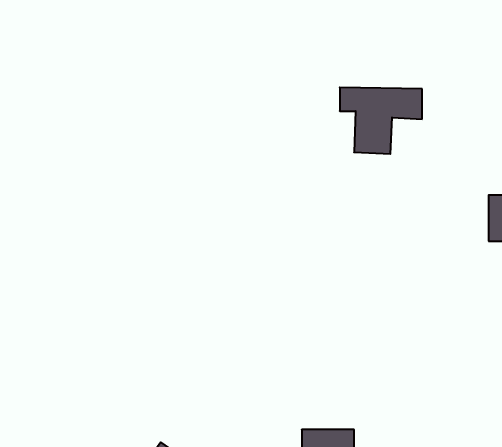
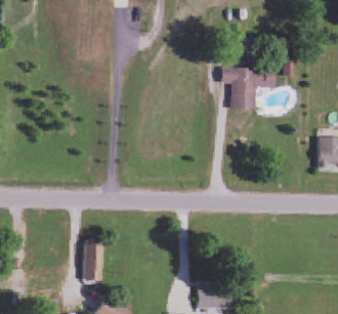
building: none -> [84,243,101,279]

